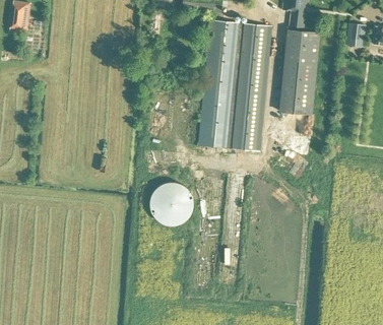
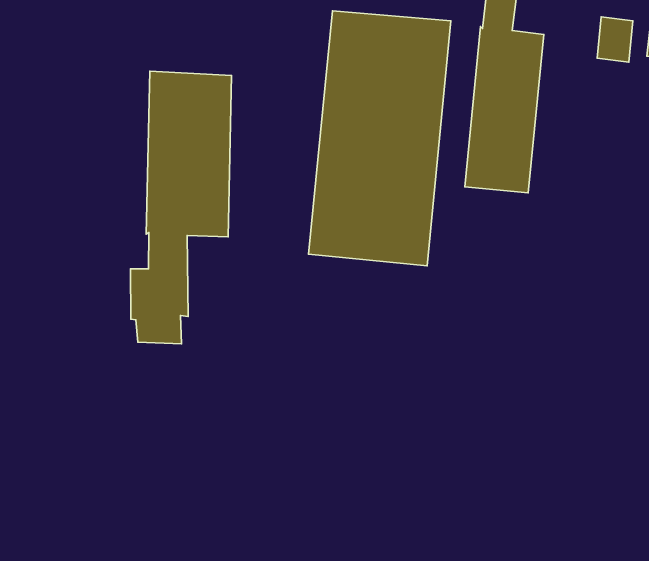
building: none -> [131,71,232,344]
building: [148,182,192,225] -> none

